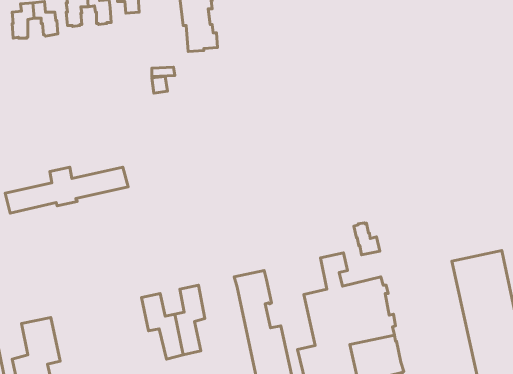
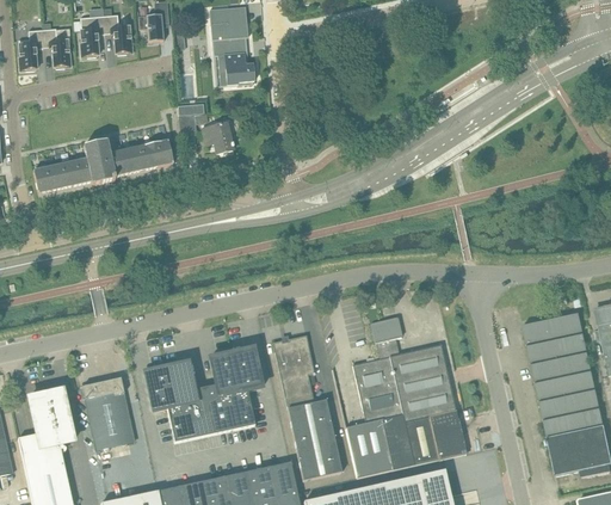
building: none -> [202,123,233,153]
building: [5,167,128,213] -> [32,140,173,192]
building: [354,223,380,255] -> none
building: none -> [227,347,261,427]
building: none -> [144,367,195,441]
building: none -> [81,376,134,448]

